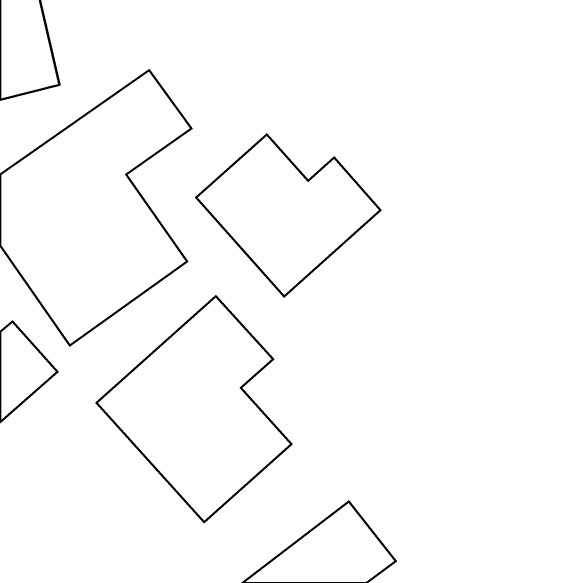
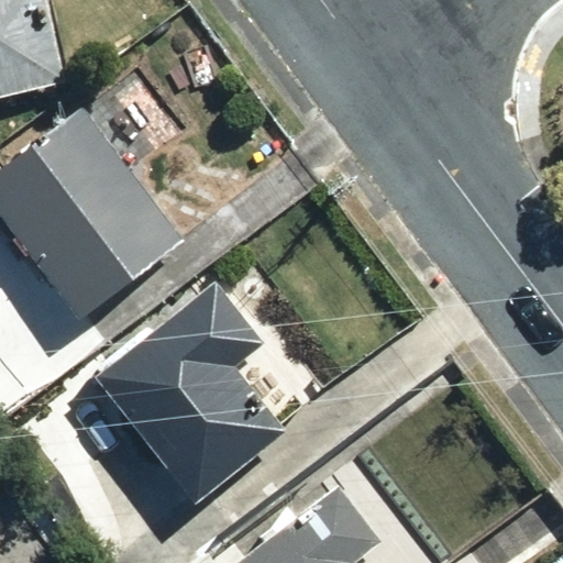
building: [196,134,381,297] -> none

